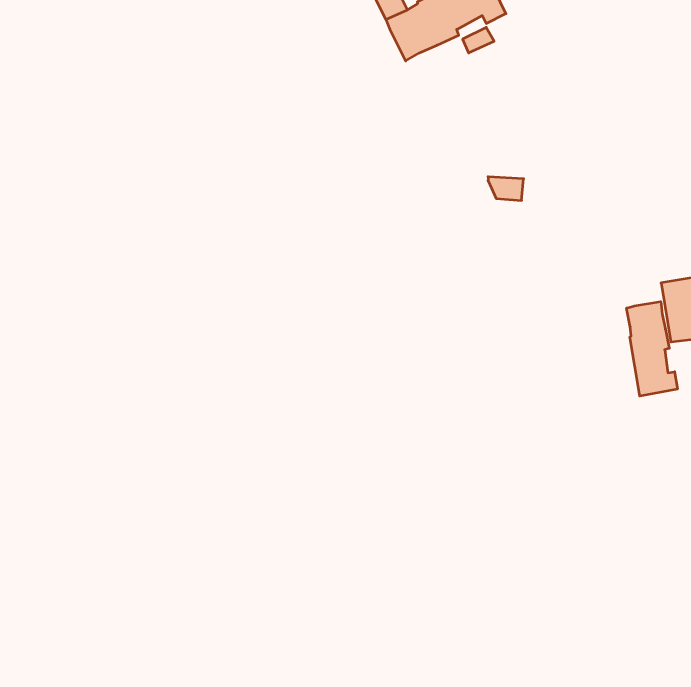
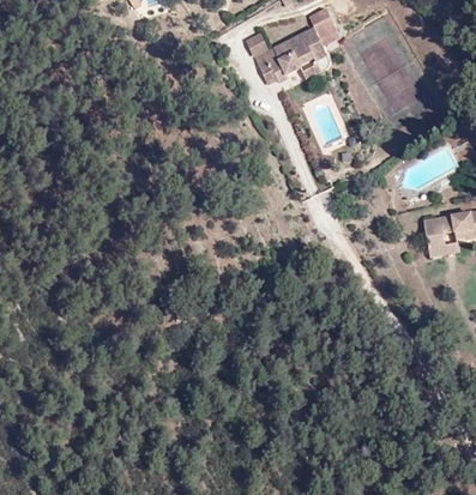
building: [627,302,677,396] -> none

